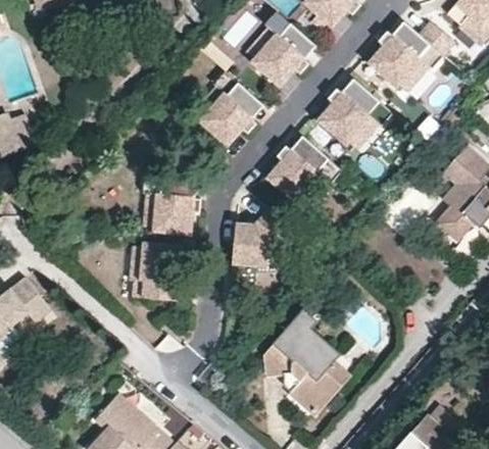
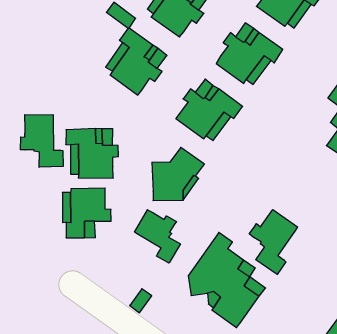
building: none -> [20,115,63,167]
building: none -> [135,210,180,263]
building: none -> [249,210,298,274]

